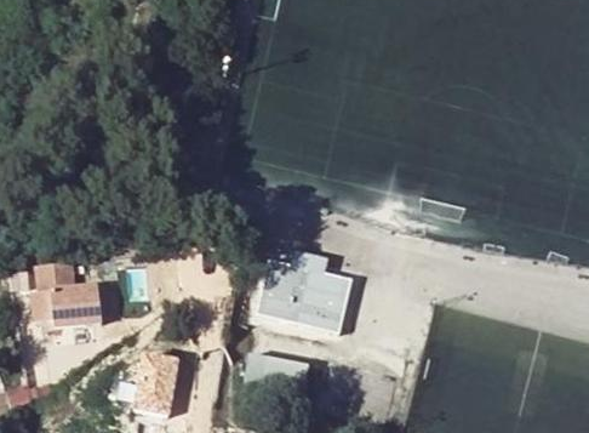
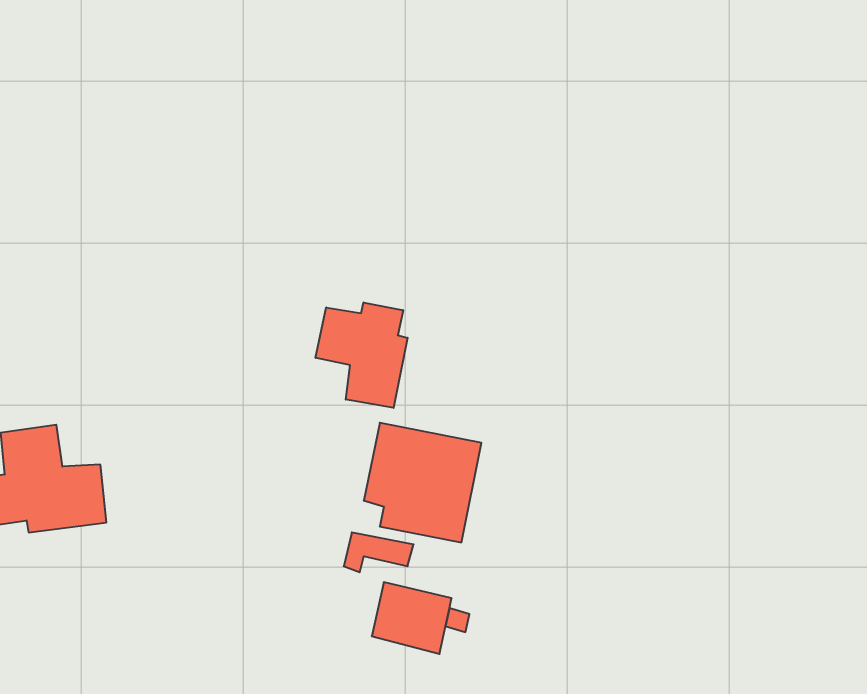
building: none -> [316,302,408,408]
building: [126,349,175,410] -> none

